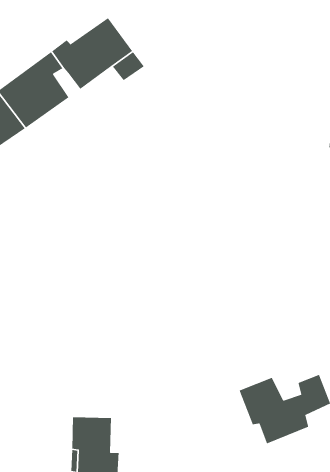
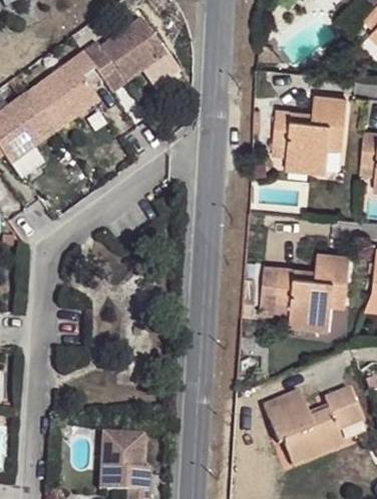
building: none -> [268,98,343,176]
building: none -> [256,250,347,324]

